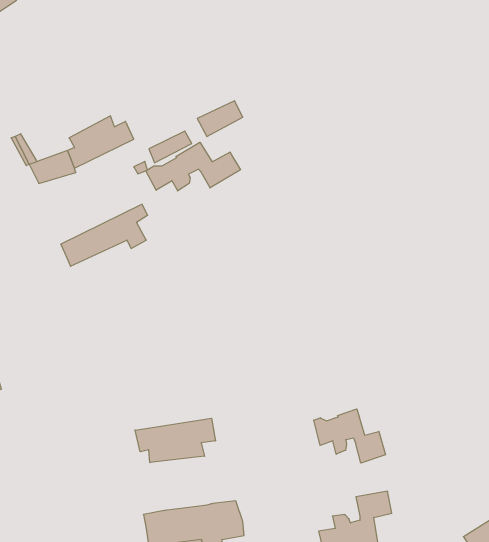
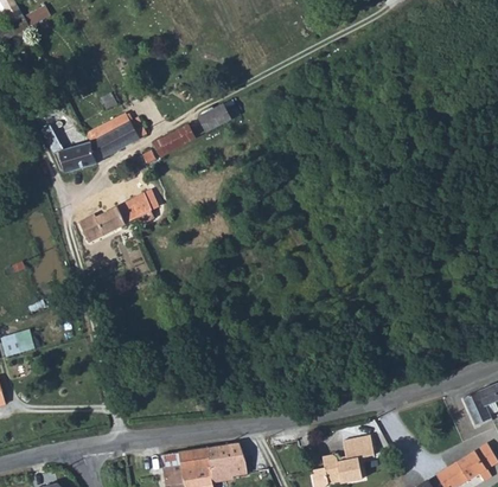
building: [146,142,241,191] -> none
building: [314,409,385,463] -> none
building: [135,418,215,463] -> none

